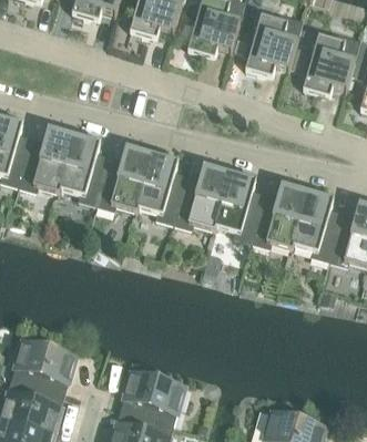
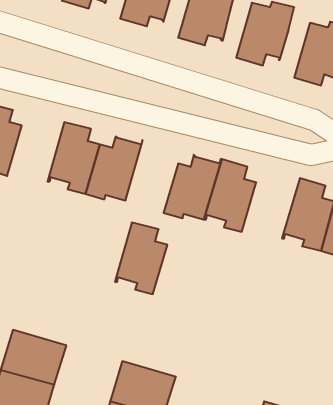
building: [17,129,73,192] -> none
building: [134,152,186,223] -> [115,223,167,294]
building: [249,184,307,248] -> none

